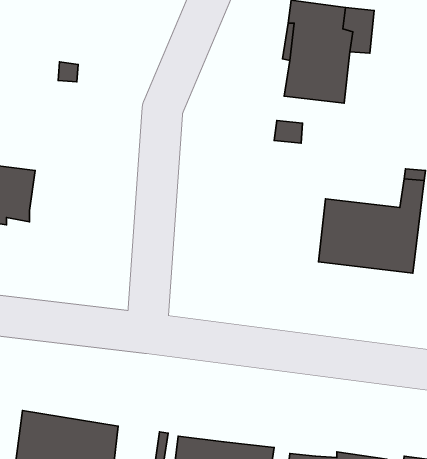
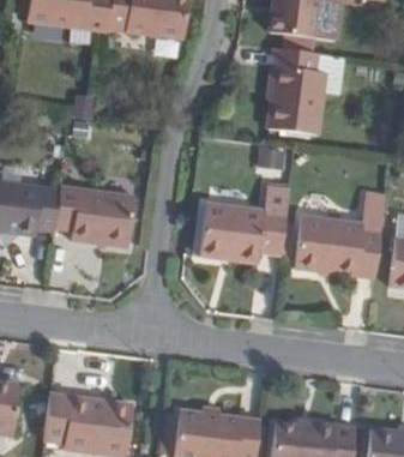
building: none -> [54,185,132,243]
building: none -> [200,197,287,257]

